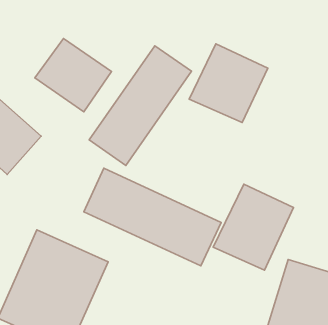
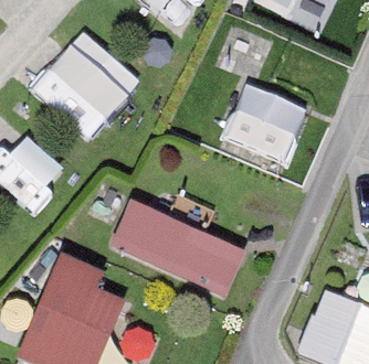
building: [89,46,191,165] -> none
building: [213,184,294,270] -> none

